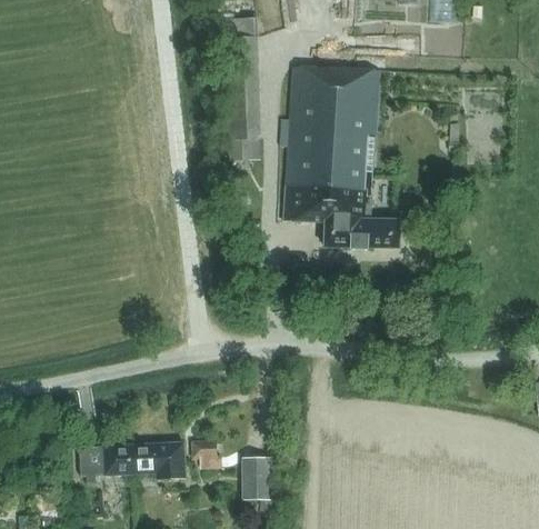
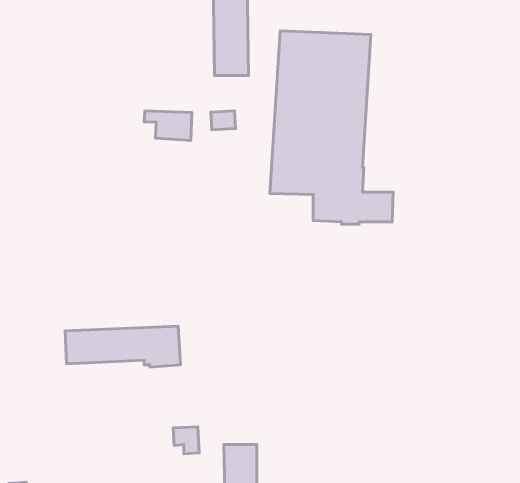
building: none -> [144,111,192,140]
building: [77,441,186,480] -> [65,326,181,367]

